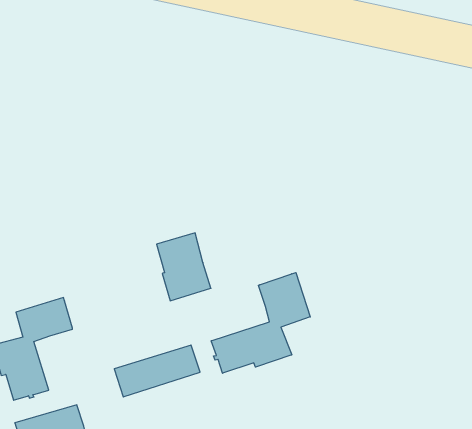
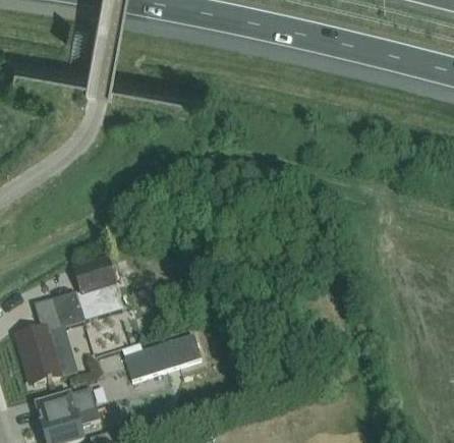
building: [157,233,211,301] -> [75,258,124,319]
building: [211,273,310,373] -> none

